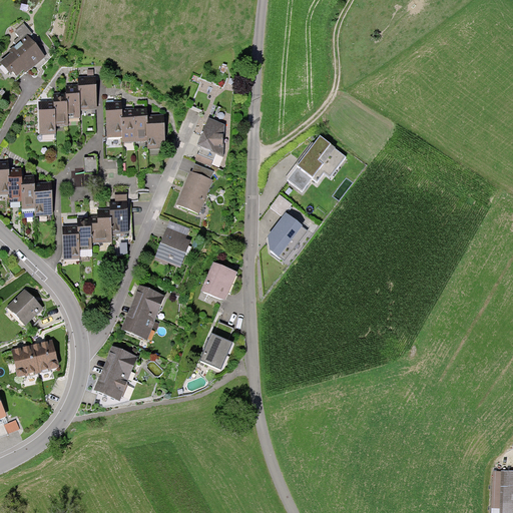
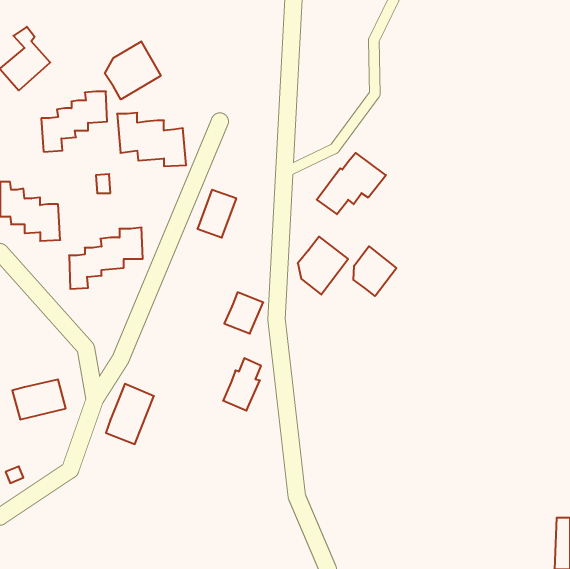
building: none -> [105,41,161,99]
building: [197,119,230,158] -> none
building: none -> [353,246,396,296]
building: [154,227,192,268] -> none
building: [122,284,166,341] -> none
building: [8,290,44,326] -> none

